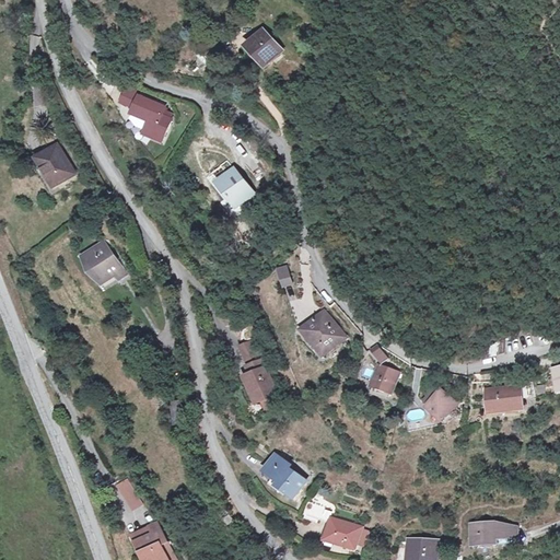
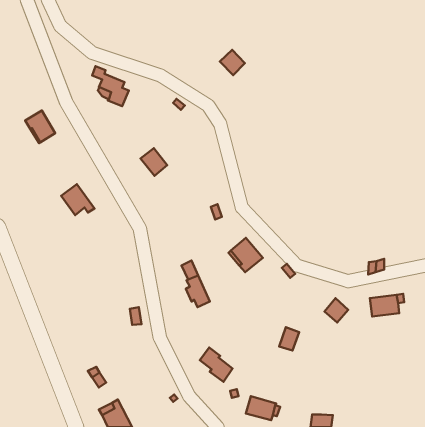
building: [245,32,278,65] -> [220,50,245,75]
building: [215,171,250,207] -> [140,148,167,176]
building: [370,365,396,396] -> [279,327,299,351]
building: [468,522,515,546] -> none

